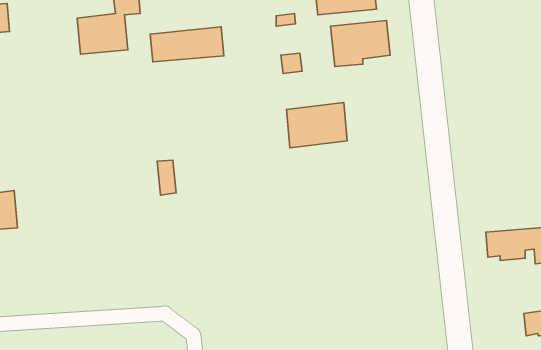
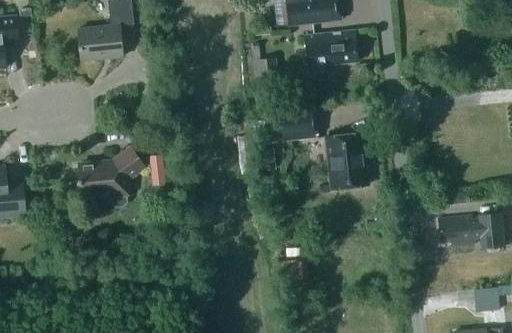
building: [150,27,224,62] -> none
building: none -> [325,133,368,189]
building: none -> [77,146,143,206]

